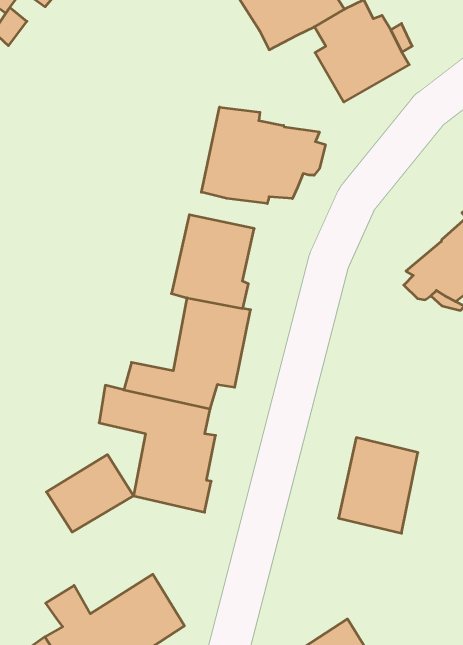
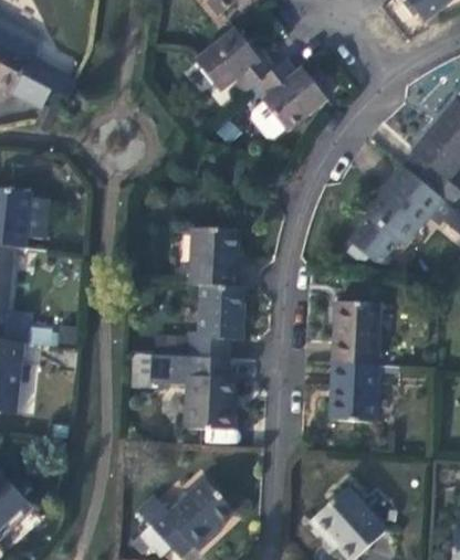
building: [201,107,325,204] -> none
building: none -> [332,304,379,366]
building: [46,455,134,532] -> none

